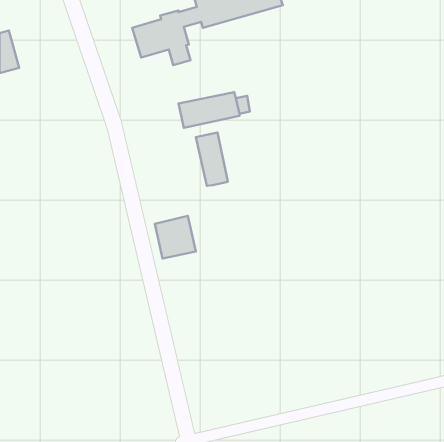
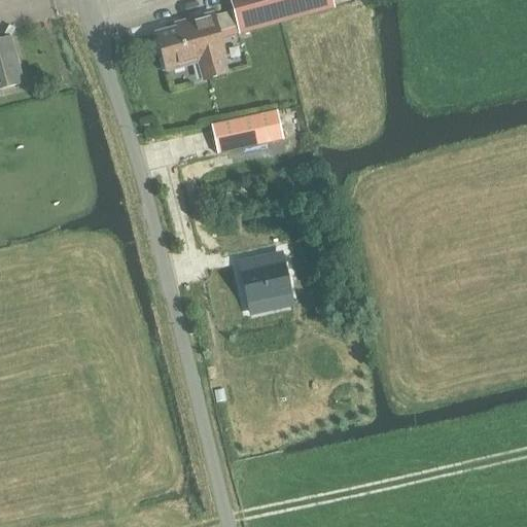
building: [196,132,228,186] -> none
building: [155,216,196,259] -> [241,252,289,303]

